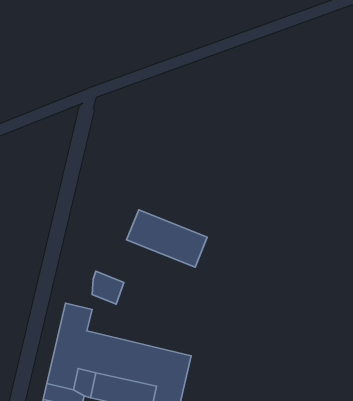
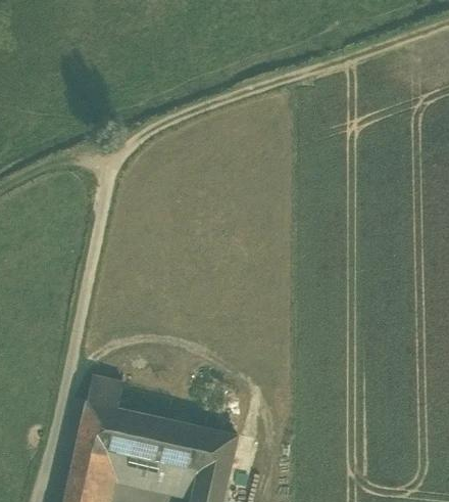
building: [127,210,207,267] -> none
building: [92,271,124,304] -> none

